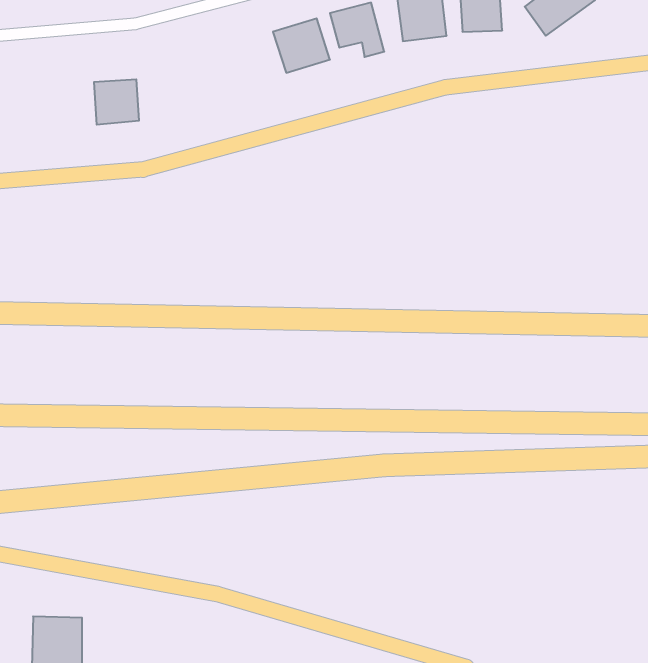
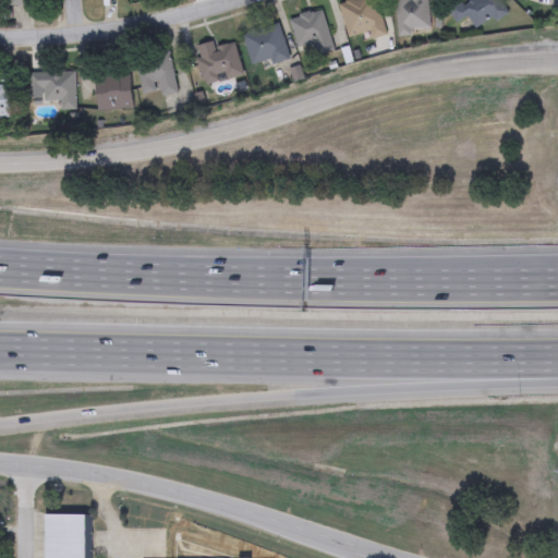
building: none -> [194,40,242,84]
building: none -> [136,51,177,95]
building: none -> [29,70,76,109]

